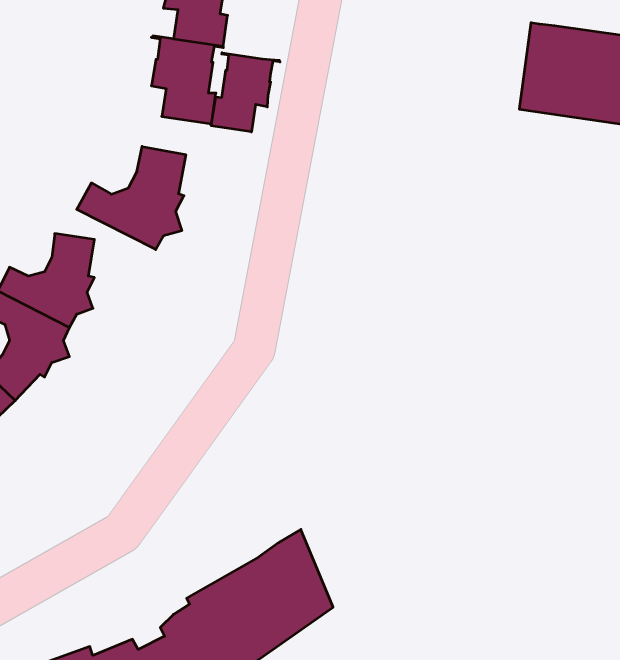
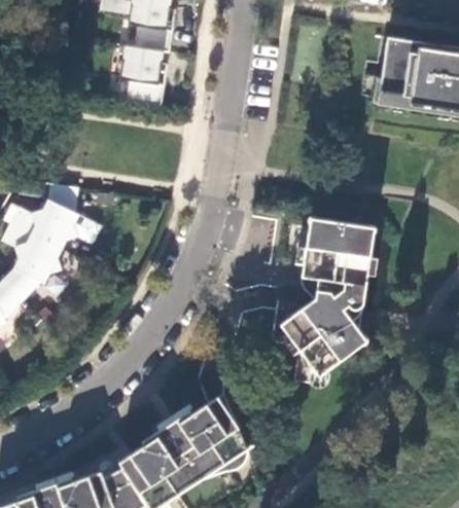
building: [211,53,280,132] -> none
building: [77,146,186,250] -> none
building: none -> [281,219,374,389]

